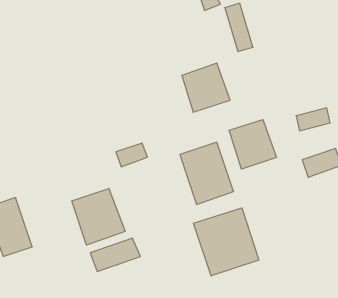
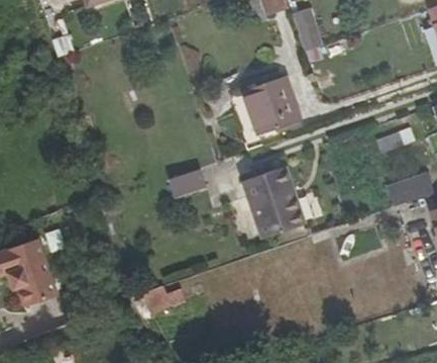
building: [229,120,276,169] -> none
building: [72,188,125,245] -> none
building: [193,208,259,276] -> none

